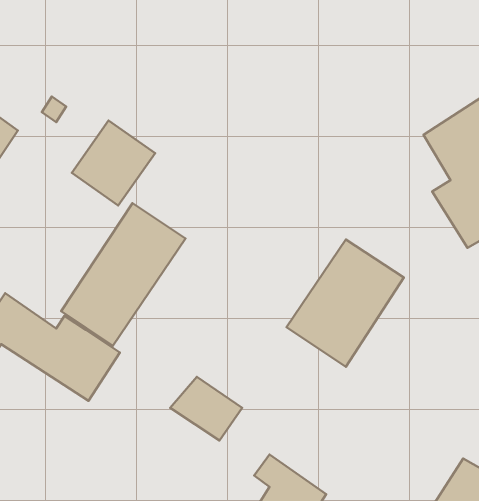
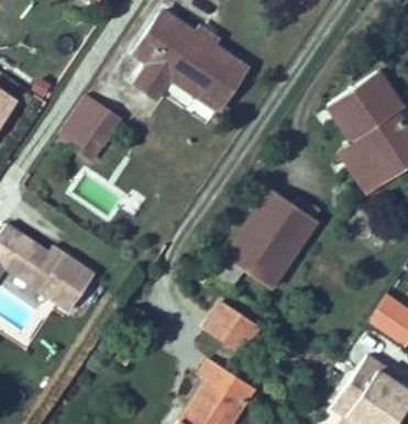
building: none -> [135,8,245,104]
building: [61,203,186,346] -> none
building: [170,377,242,441] -> [206,302,262,352]

